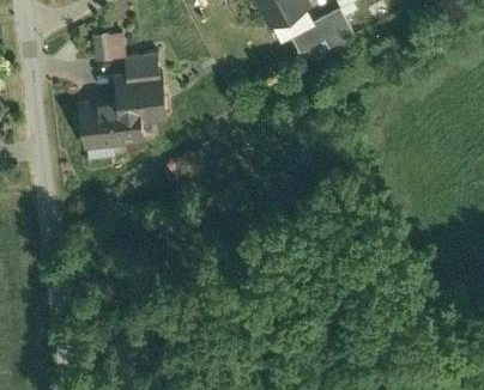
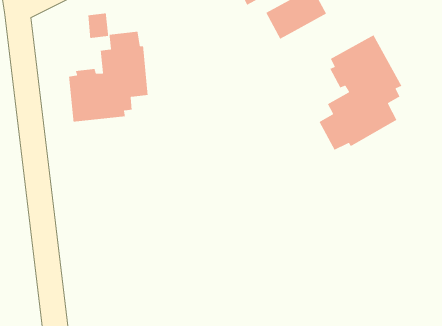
building: none -> [318,34,402,151]

